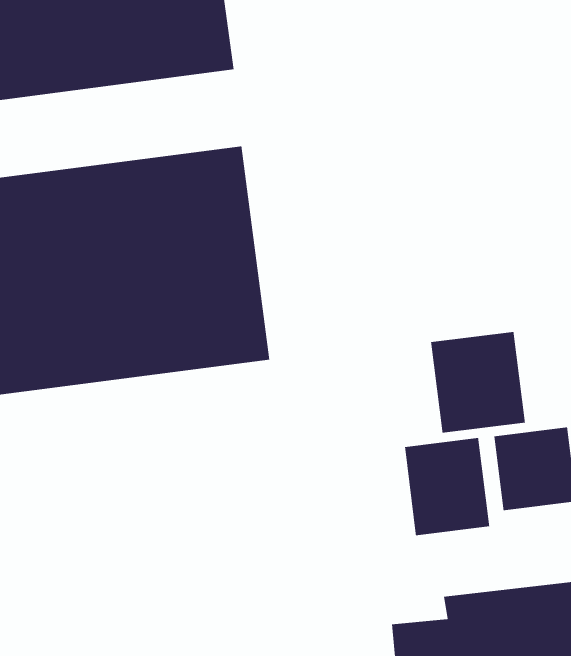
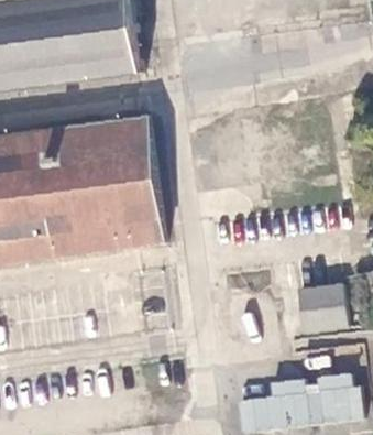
building: [431,331,525,434] -> none
building: [404,437,490,536] -> none

